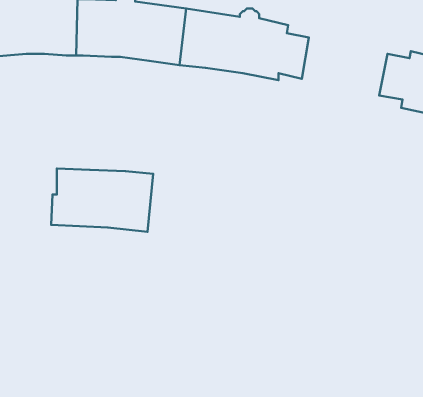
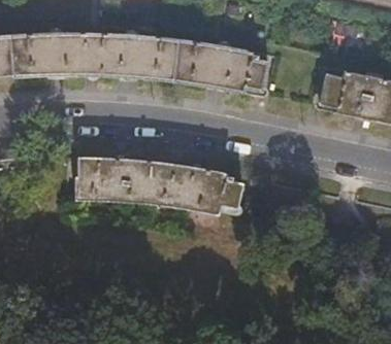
building: none -> [149,163,243,216]

